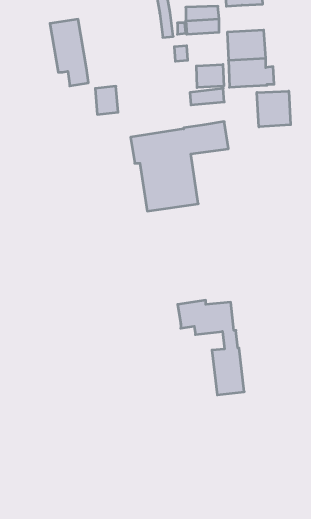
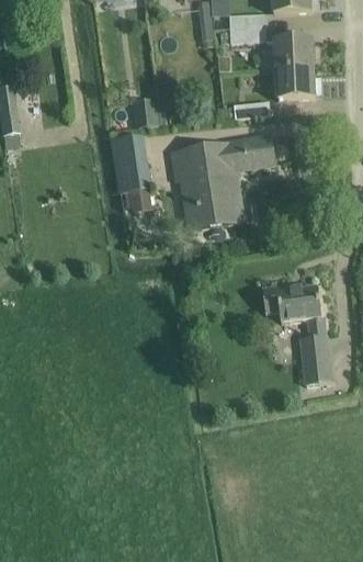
building: [50,19,88,86] -> [112,135,152,205]
building: [196,64,224,88] -> none
building: [257,91,291,127] -> none
building: [178,300,244,395] -> [263,284,333,384]

